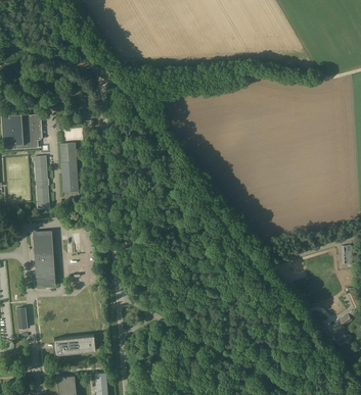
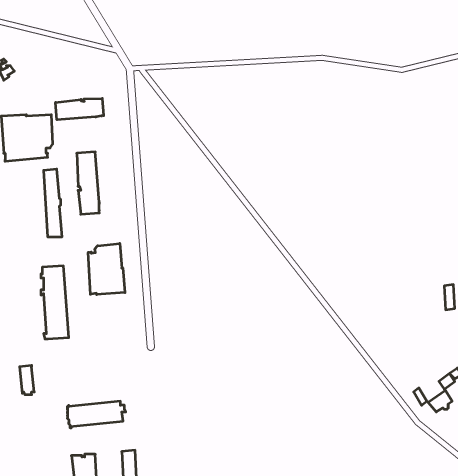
building: none -> [56,98,104,120]
building: none -> [88,243,125,295]

